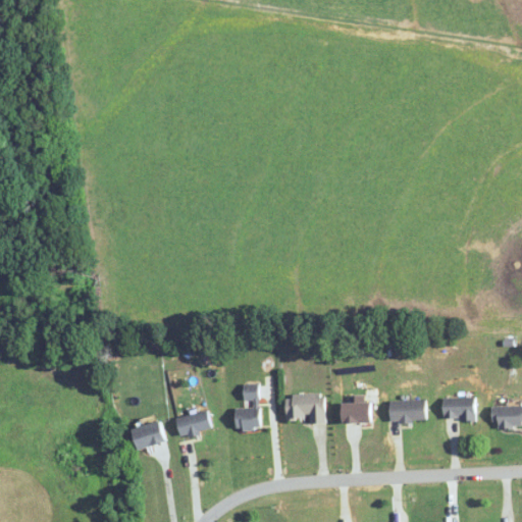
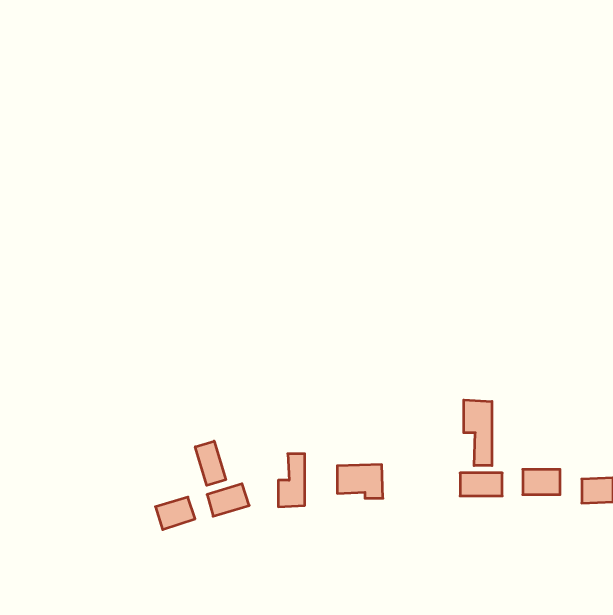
building: none -> [464,400,492,466]
building: none -> [195,441,226,485]
building: [342,402,370,421] -> none

